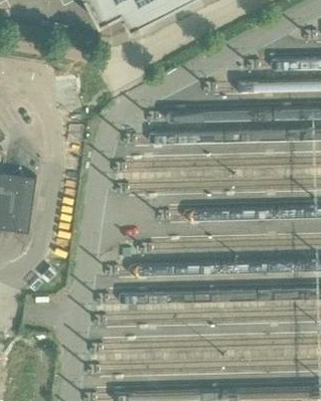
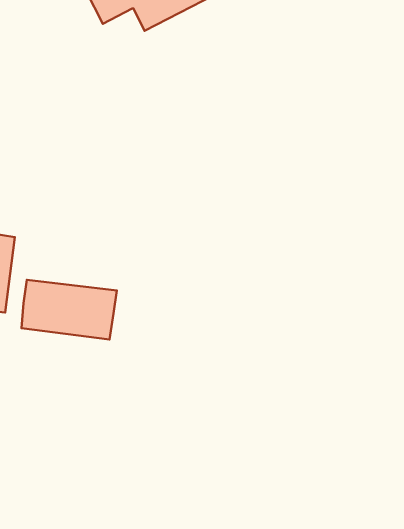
building: none -> [21,280,117,339]

